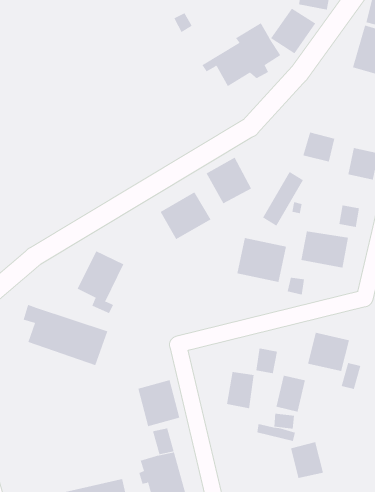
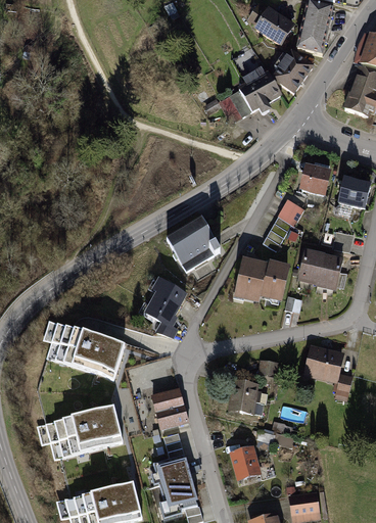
building: [206,157,252,204] -> none
building: [77,251,124,314] -> [144,278,187,335]
building: [276,375,306,412] -> none
building: none -> [38,405,124,458]
building: [290,441,324,479] -> [230,444,261,478]

